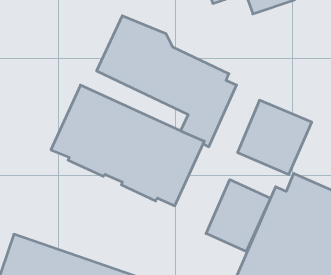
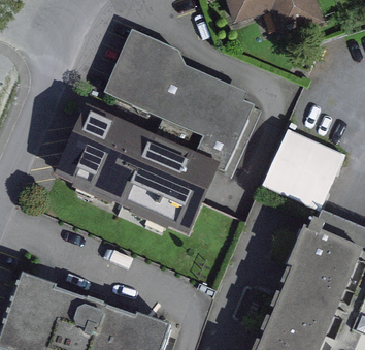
building: [206,180,271,251] -> none

